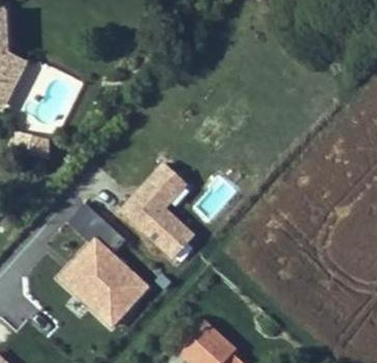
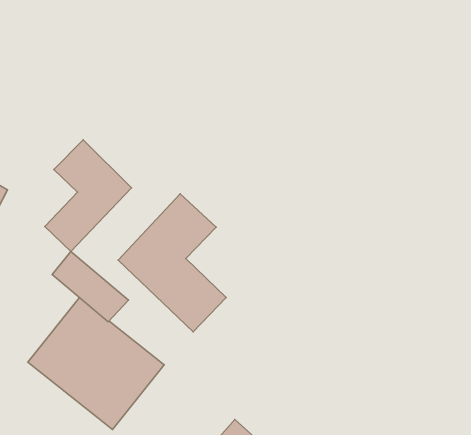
building: none -> [45,140,132,251]

